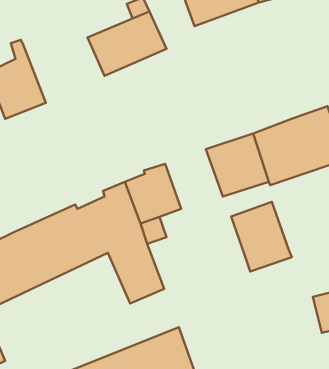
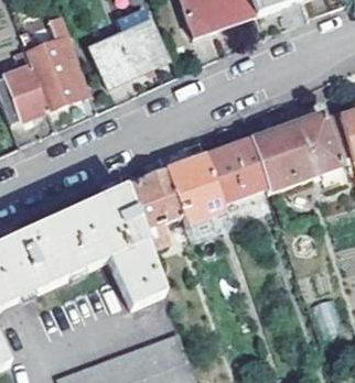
building: none -> [26,17,92,111]
building: [231,202,292,272] -> [165,156,225,225]

